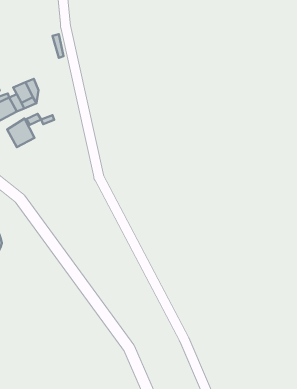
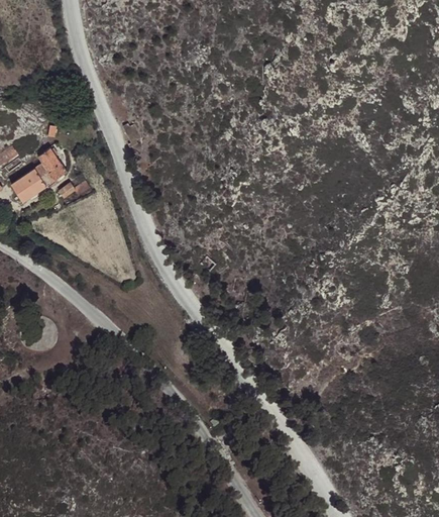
building: [7,119,35,147] -> none

